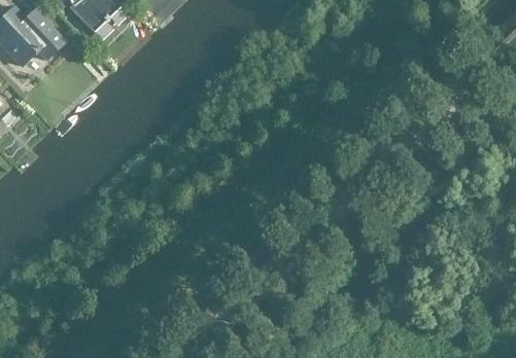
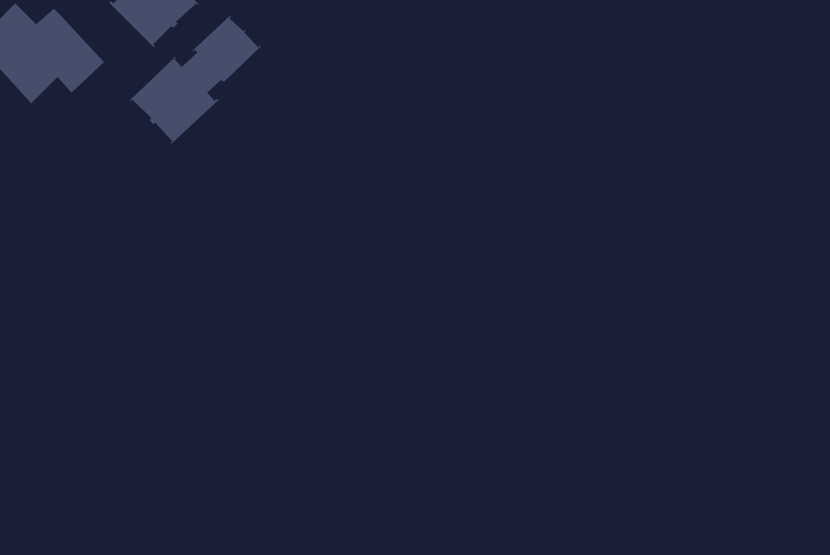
building: none -> [129,15,262,145]

